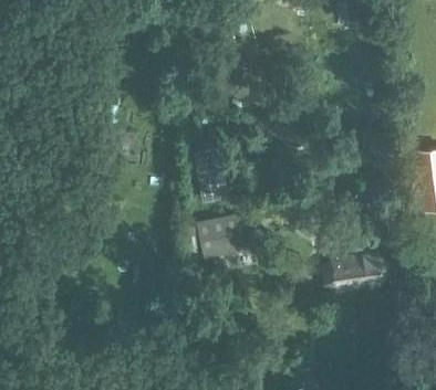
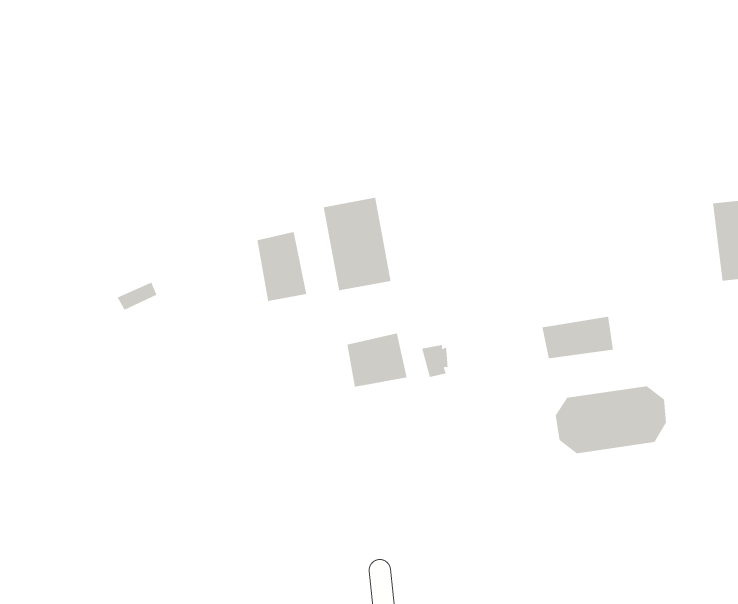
building: none -> [256,231,307,302]
building: none -> [542,316,614,359]

